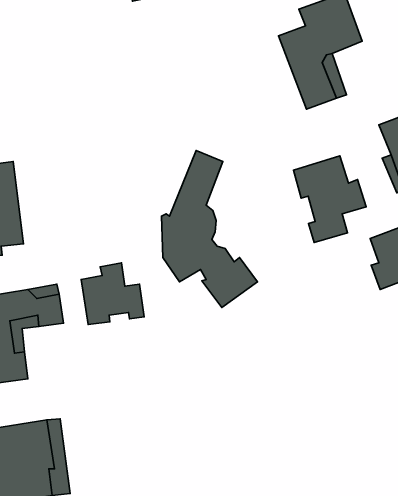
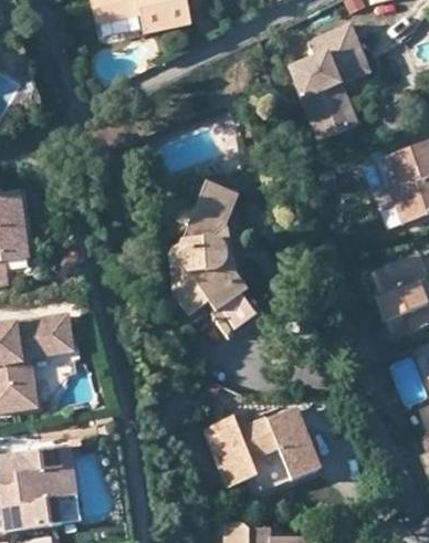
building: [294,156,366,242] -> none
building: [81,263,144,325] -> none
building: none -> [193,408,307,492]

